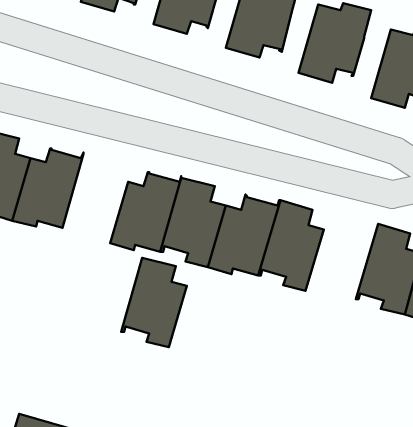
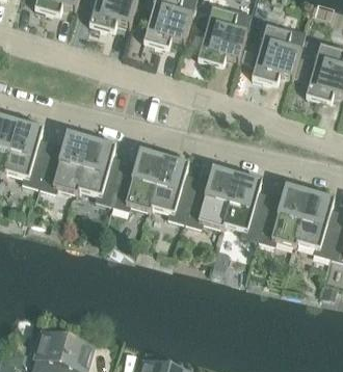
building: none -> [256,185,310,245]
building: [121,258,187,347] -> [75,137,124,204]

